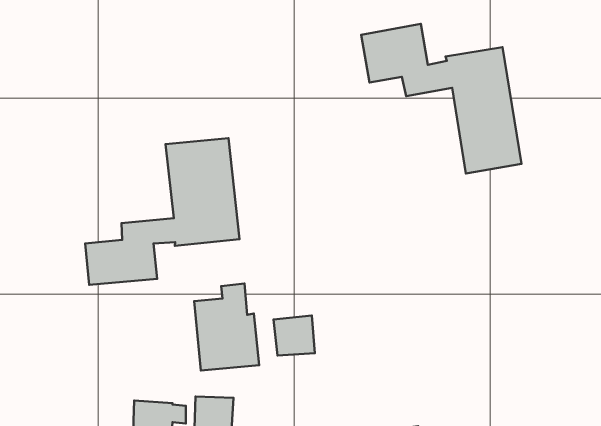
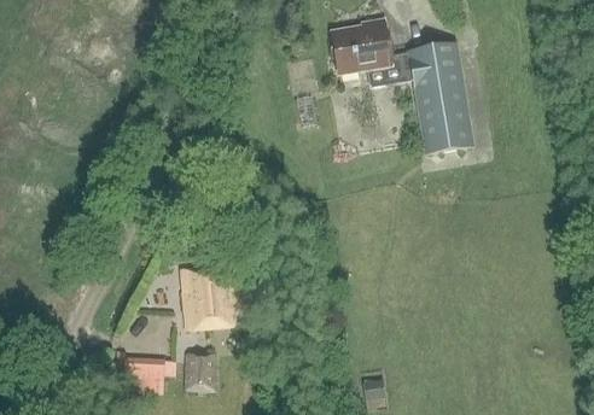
building: [85,138,239,285] -> none
building: [274,316,315,356] -> none

